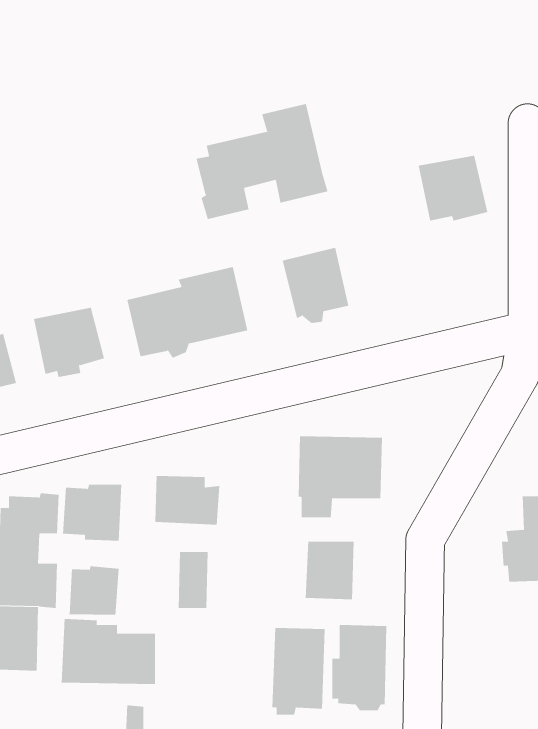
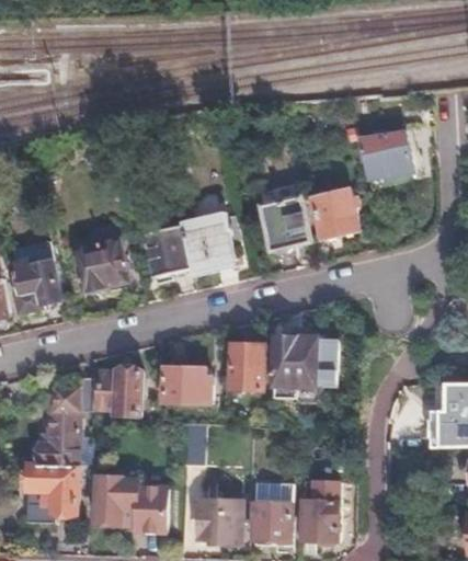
building: [196,103,328,220] -> none
building: none -> [312,187,358,237]
building: [305,541,354,600] -> [231,346,269,390]
building: [69,566,119,616] -> none
building: none -> [196,497,242,541]

